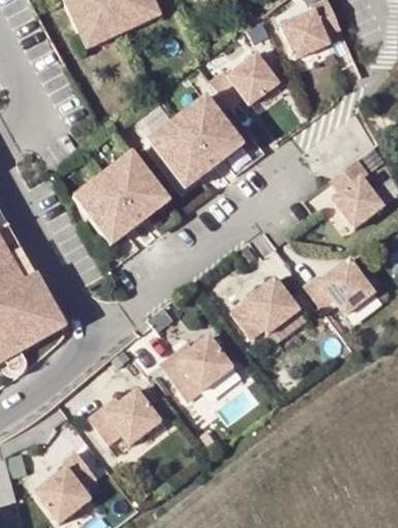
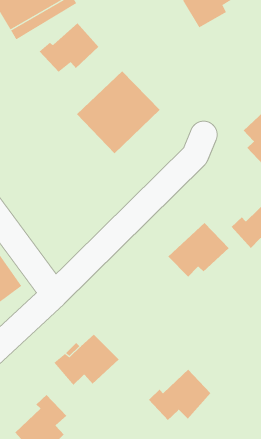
building: [207,54,275,107] -> [39,22,99,72]
building: [73,153,168,245] -> none
building: [162,333,233,390] -> [148,369,211,421]

